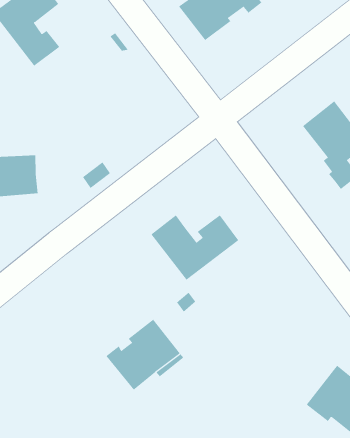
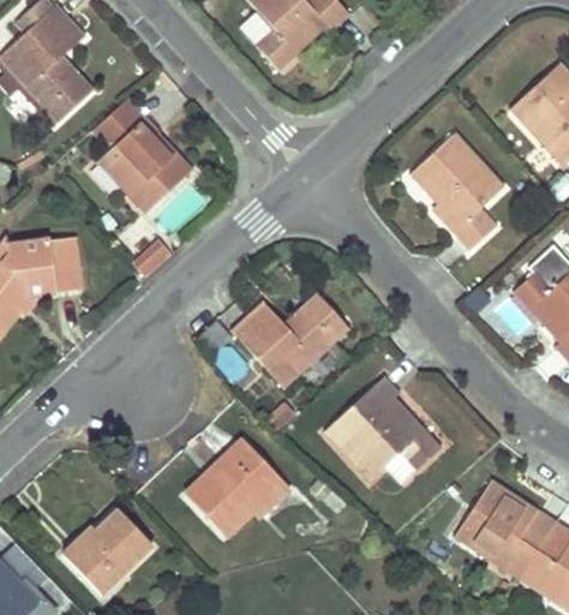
building: none -> [92,98,191,213]
building: none -> [323,377,437,480]
building: none -> [61,509,150,593]

